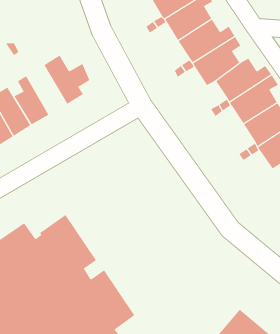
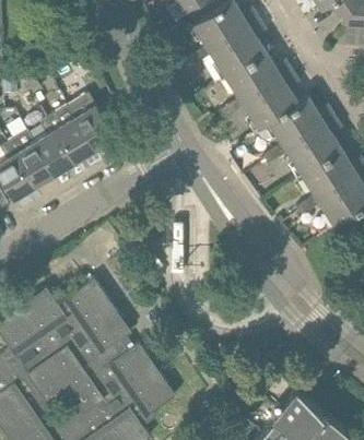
building: none -> [48,105,95,163]

